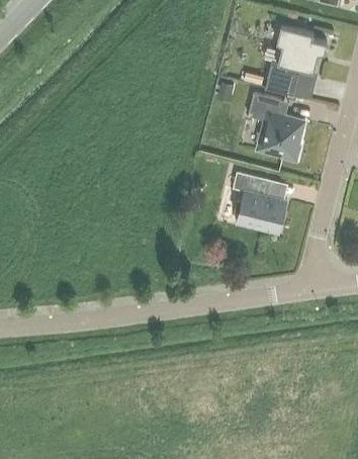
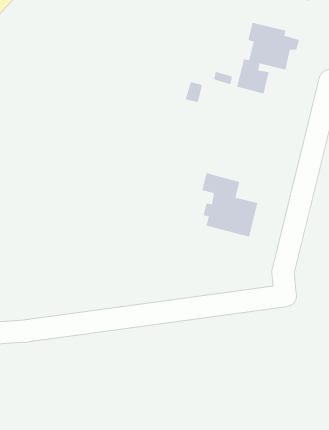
building: [248,92,305,161] -> none

